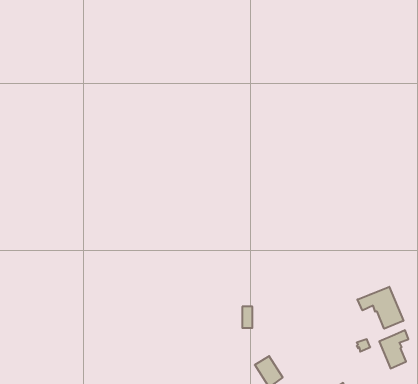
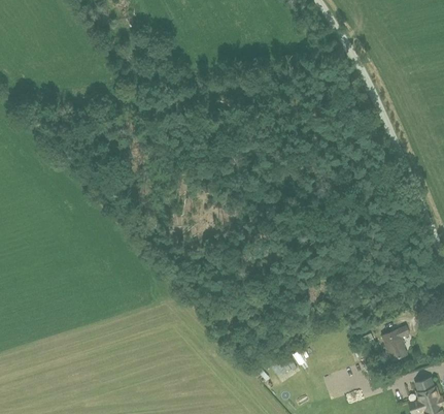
building: [357,287,403,329] -> none

